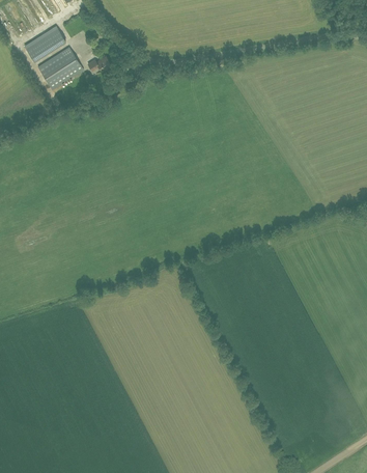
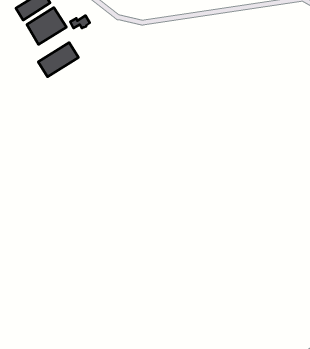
building: none -> [38,43,78,77]

